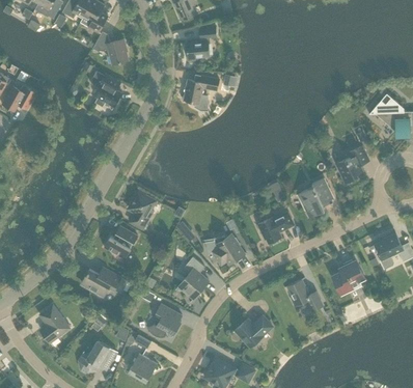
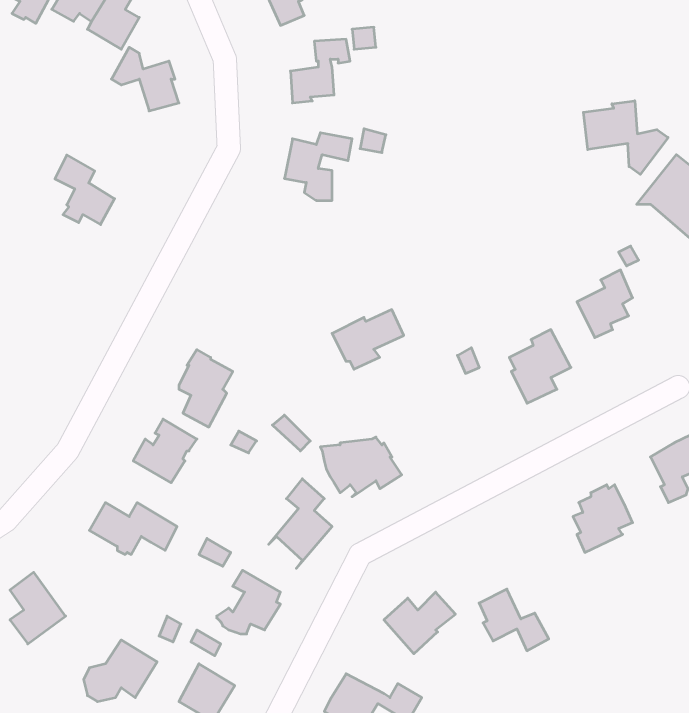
building: none -> [583,101,668,174]
building: [89,71,120,107] -> [55,155,115,225]
building: [256,212,294,243] -> [332,310,404,369]
building: [286,279,323,311] -> [479,589,549,651]

